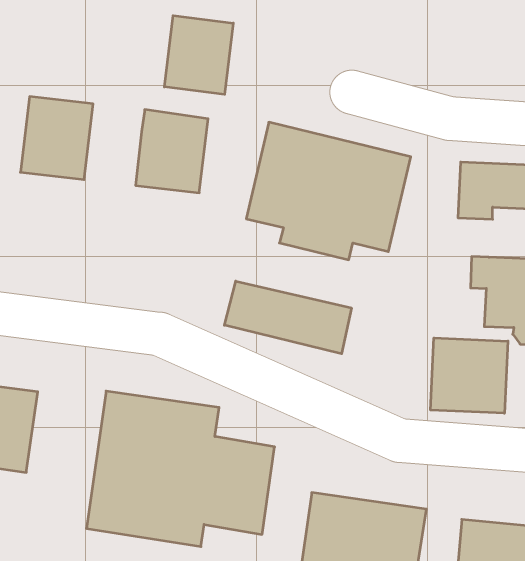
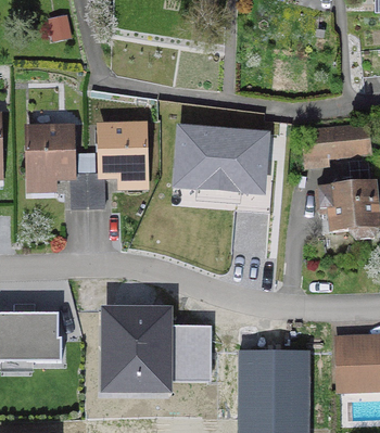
building: [164,16,233,94] -> none
building: [224,281,351,354] -> none
building: [431,338,508,413] -> none

